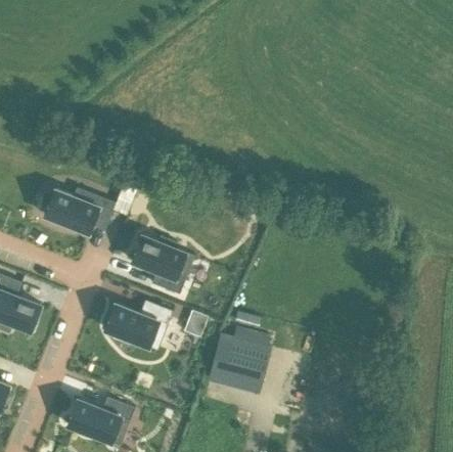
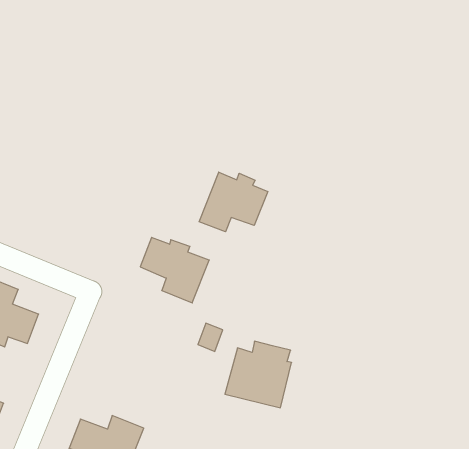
building: none -> [199,172,268,232]
building: [44,185,135,233] -> none
building: [103,299,172,350] -> none

